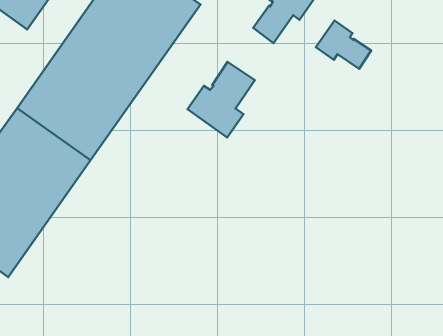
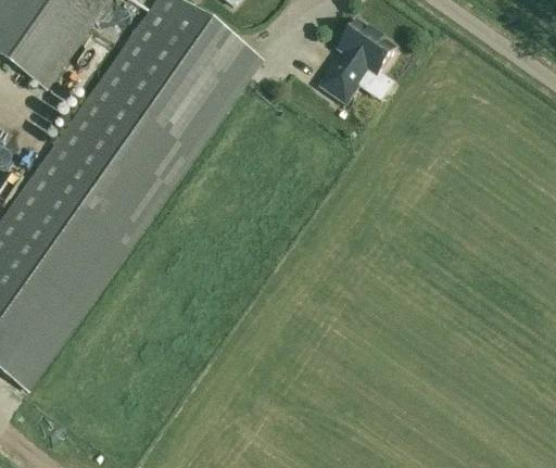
building: [316,21,371,69] -> none
building: [187,62,255,138] -> none

